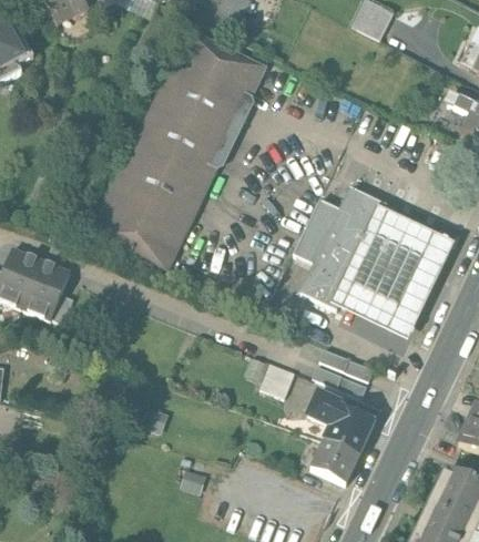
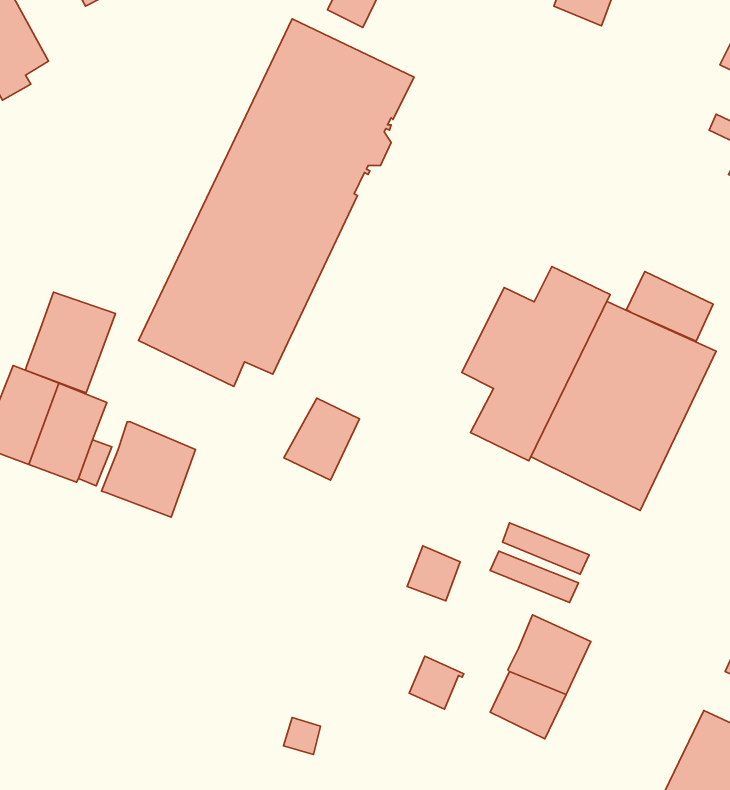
building: none -> [627,272,713,341]
building: none -> [26,292,116,393]
building: none -> [284,398,360,480]
building: none -> [101,422,195,517]
building: [307,391,342,425] -> [409,656,464,709]

